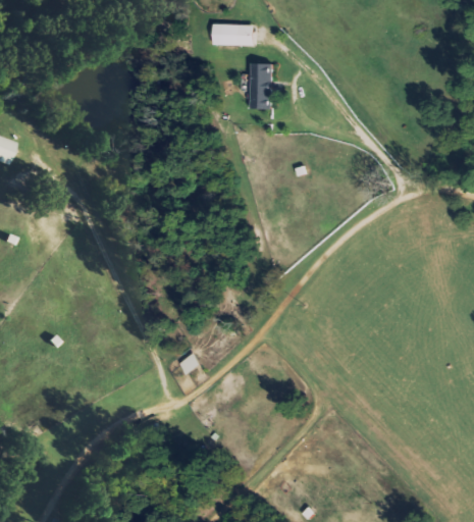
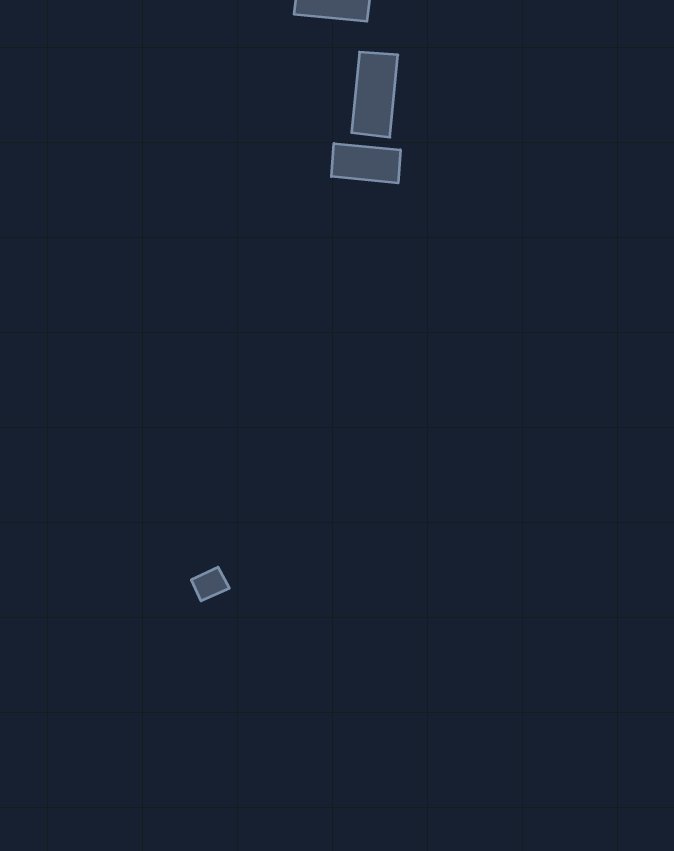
building: none -> [331,143,400,183]

